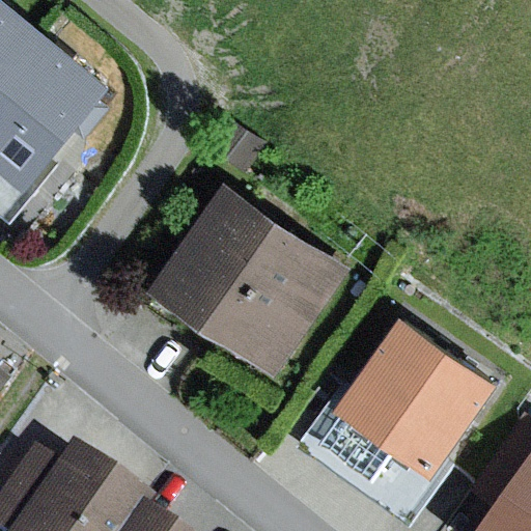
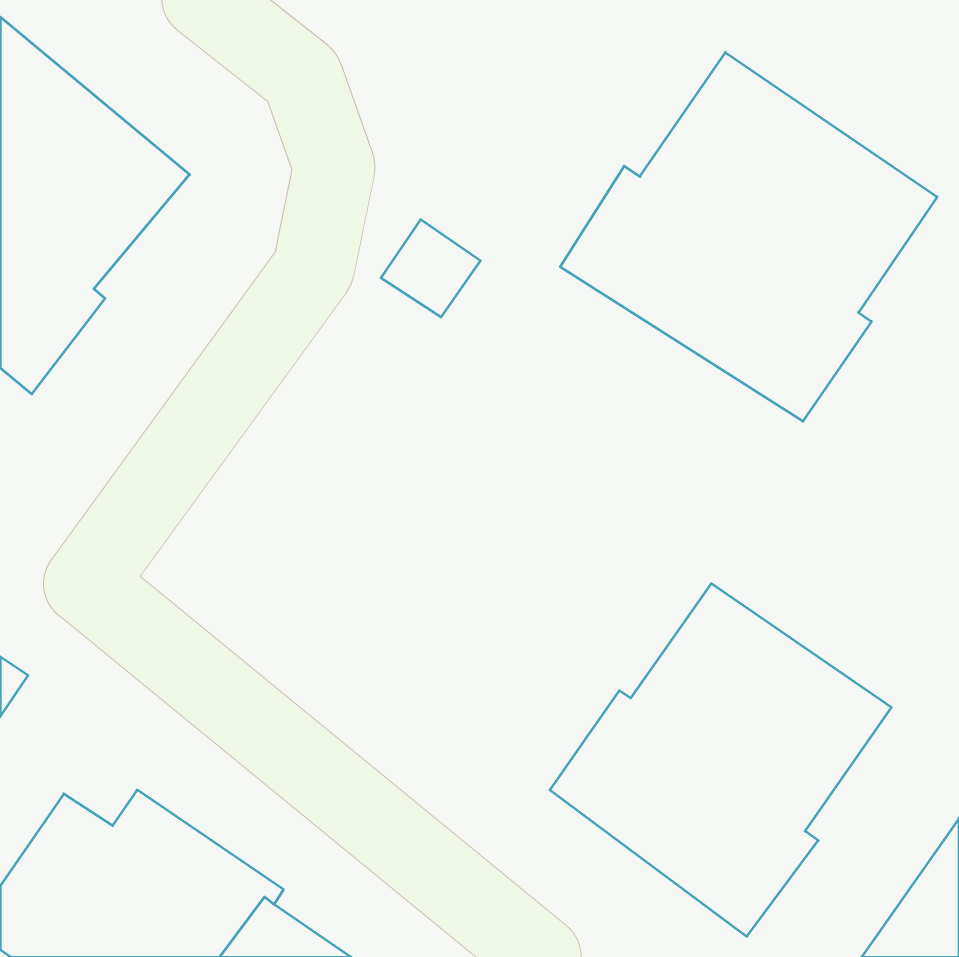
building: none -> [560,52,937,421]
building: [143,185,345,382] -> none

